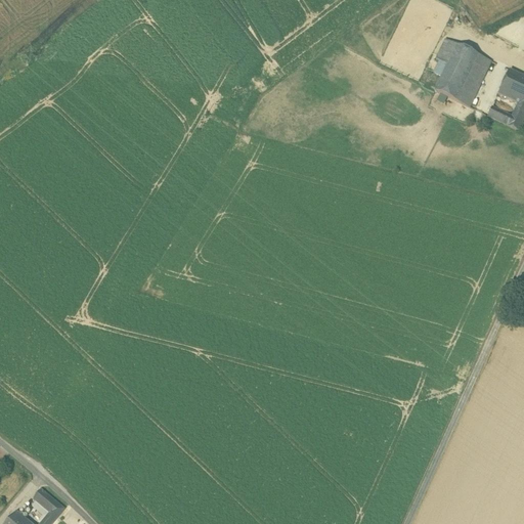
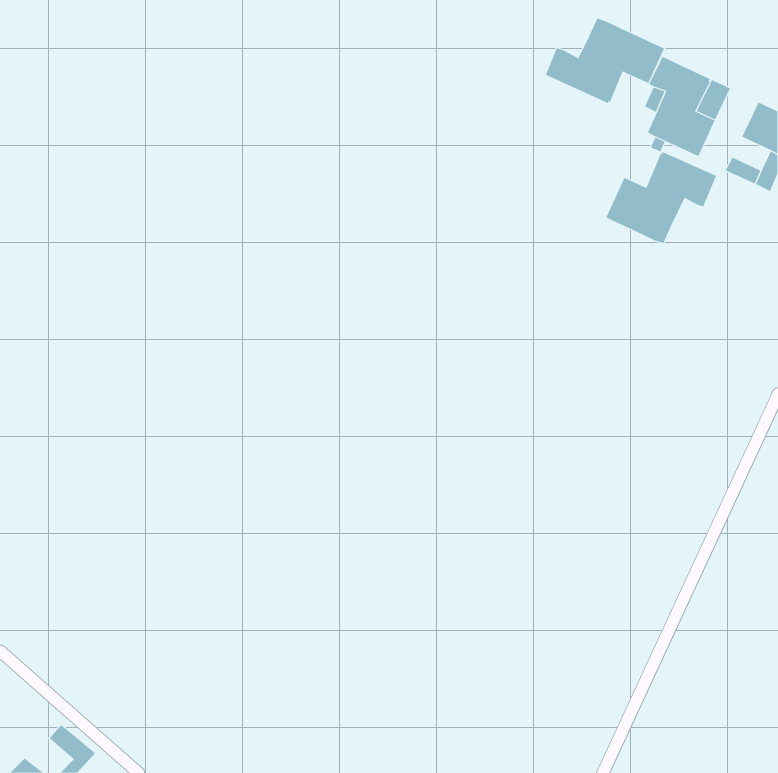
building: none -> [545,18,665,104]
building: none -> [605,151,717,244]

